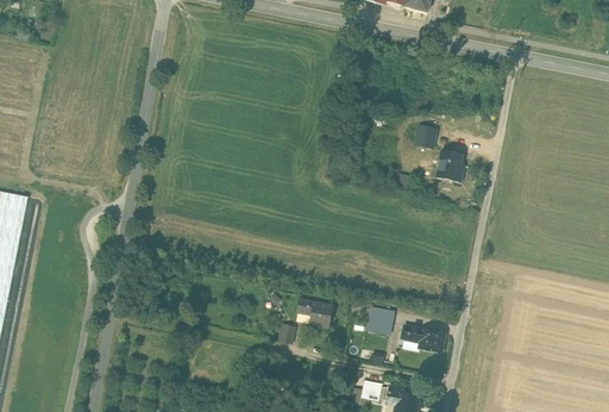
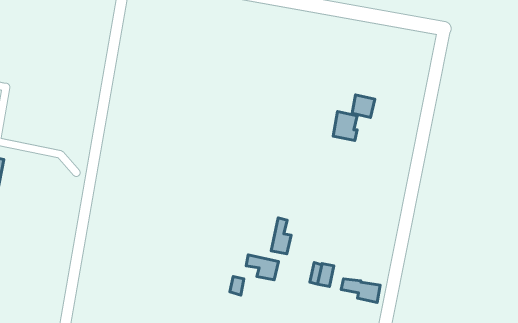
building: [435,150,462,182] -> [333,111,357,141]
building: none -> [271,218,291,254]

